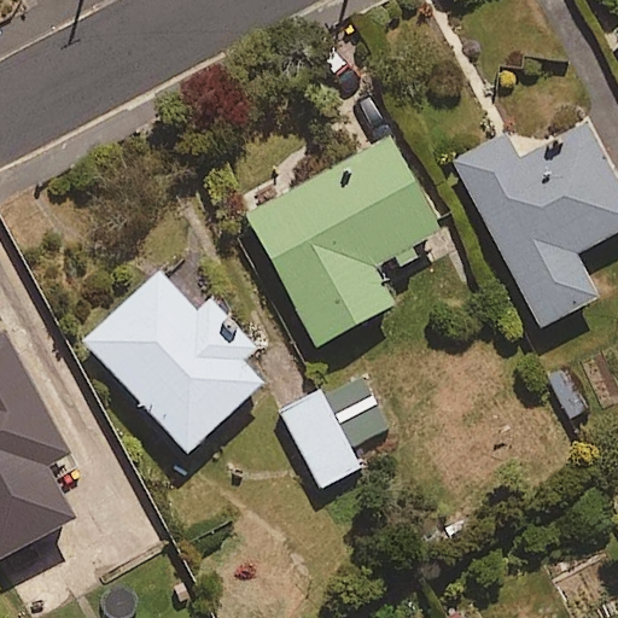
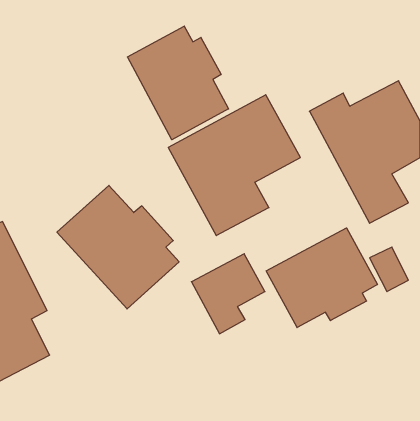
building: none -> [127,26,229,140]
building: none -> [266,228,377,328]

